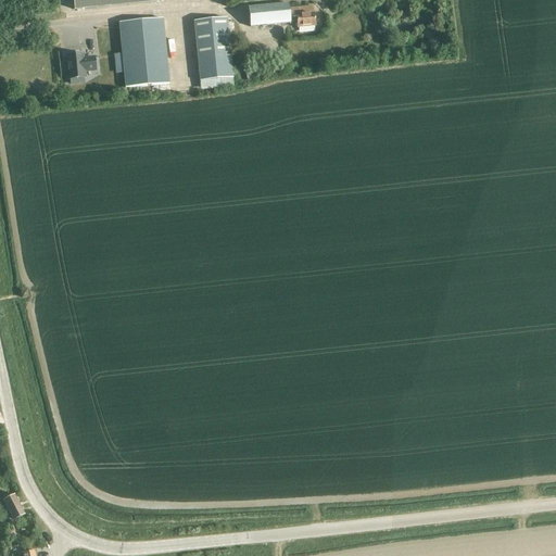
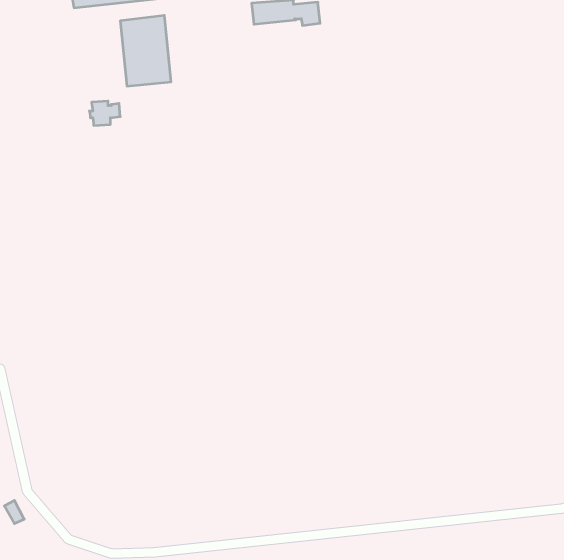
building: [194,15,232,77] -> none
building: [64,51,94,75] -> [89,101,120,125]

